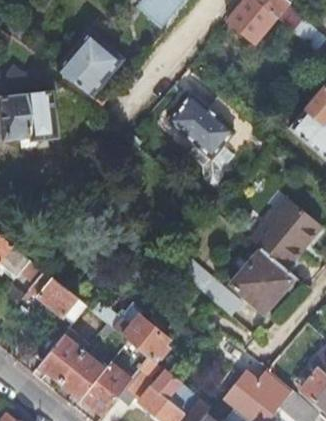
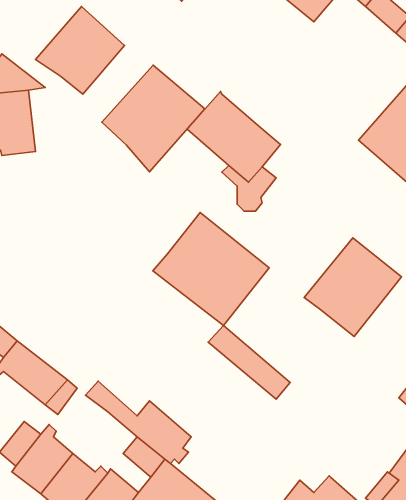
building: none -> [102,65,205,172]
building: none -> [153,213,269,325]
building: [231,249,296,313] -> none

